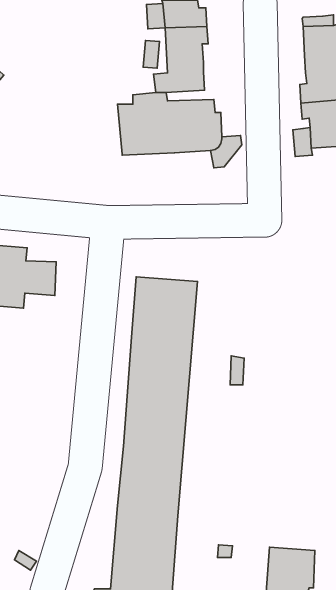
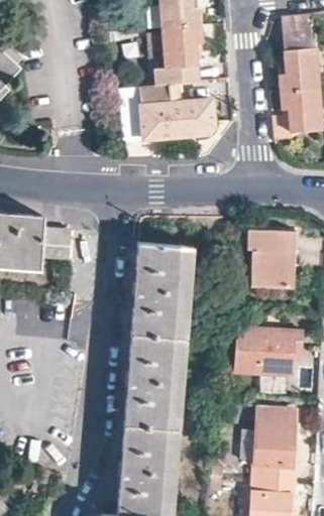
building: none -> [248,235,296,285]
building: none -> [233,328,301,375]
building: none -> [254,408,296,481]

